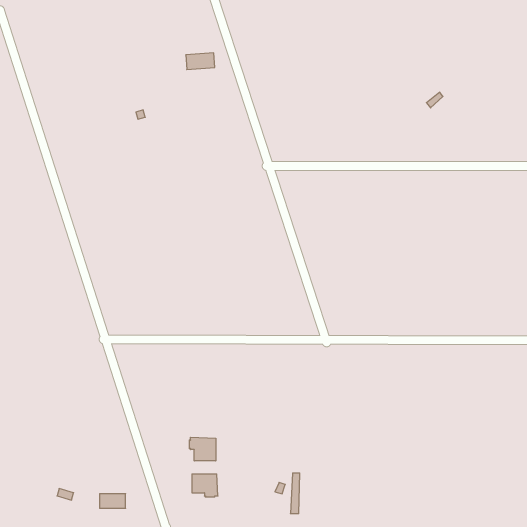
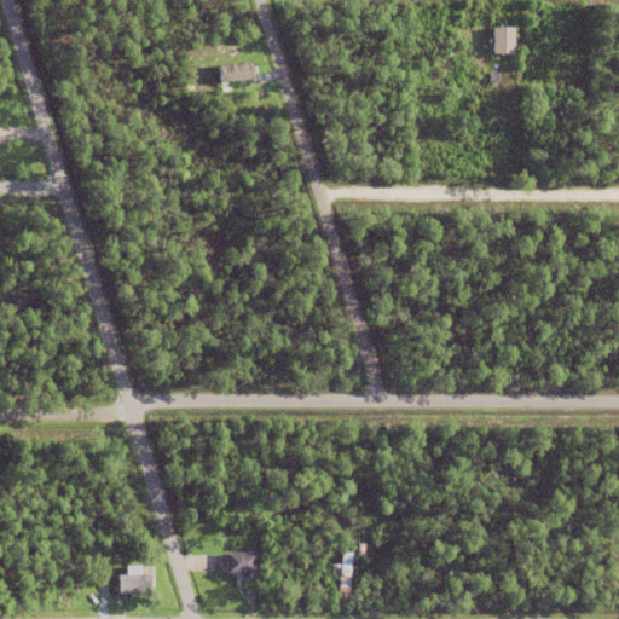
building: none -> [494,27,515,53]
building: [189,437,216,461] -> none

